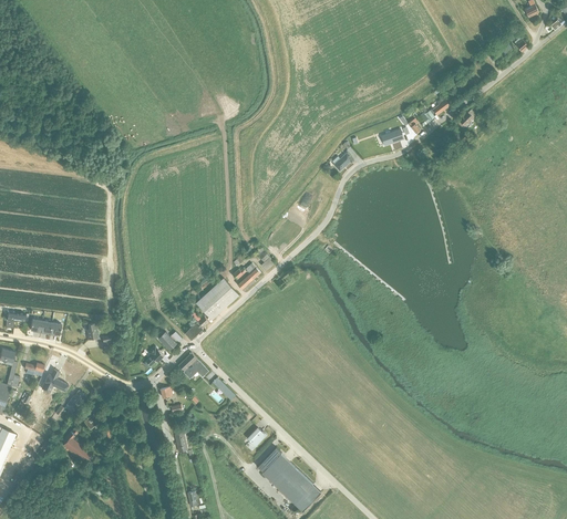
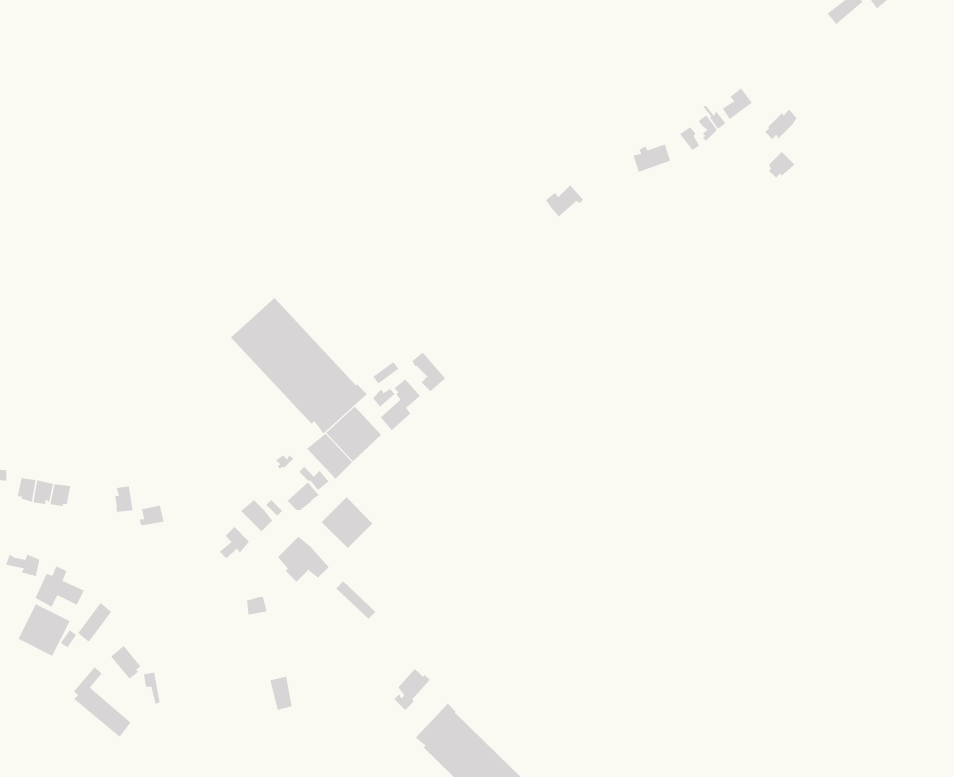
building: none -> [230,297,368,434]
building: none -> [321,497,373,549]
building: none -> [17,603,71,657]

